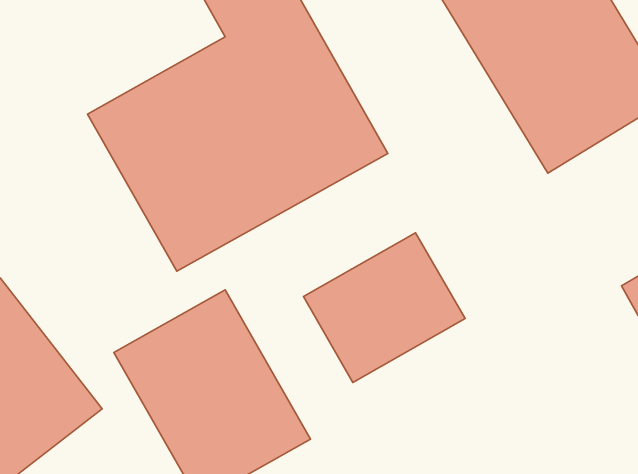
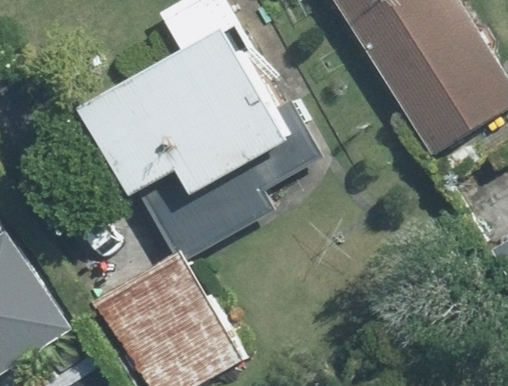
building: [303,233,465,382] -> none

